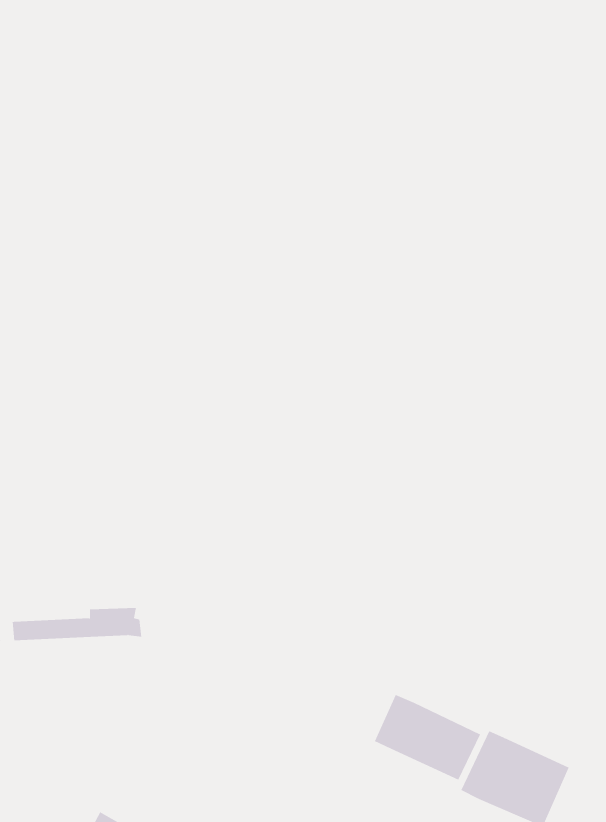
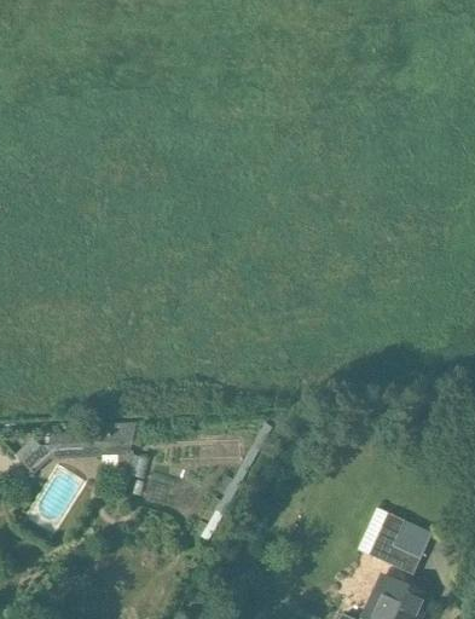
building: [374,694,481,780] -> none

